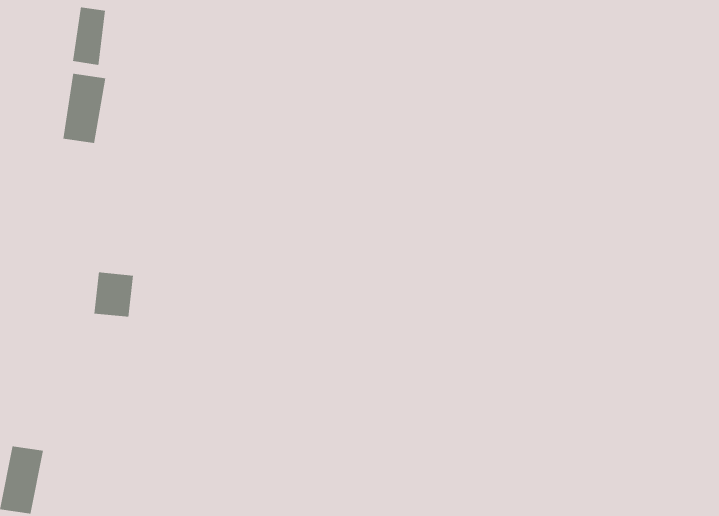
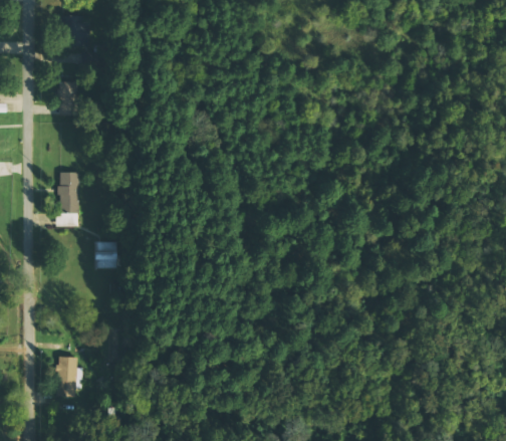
building: [63,73,106,144] -> [58,171,79,212]

